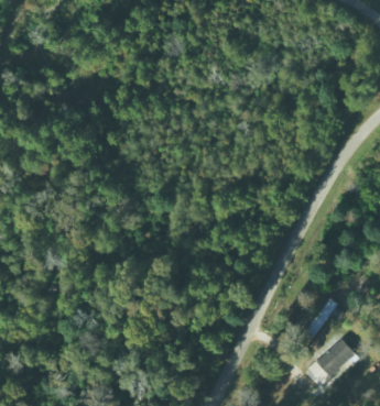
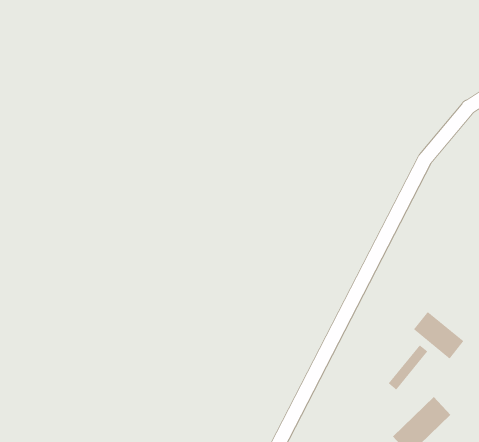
building: none -> [413,311,464,359]

